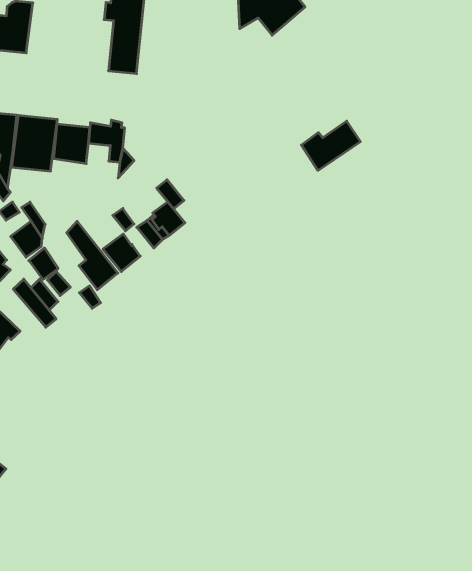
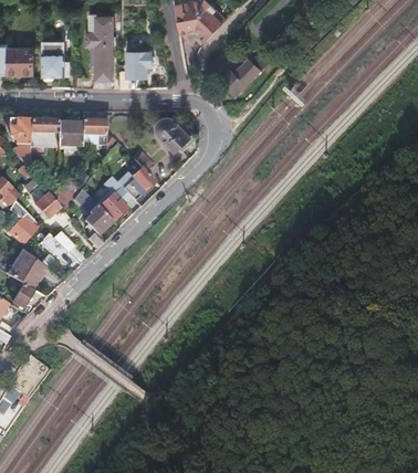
building: none -> [43,45,64,76]
building: none -> [119,52,154,88]
building: [301,121,360,170] -> [221,60,262,96]
building: none -> [156,118,190,153]

